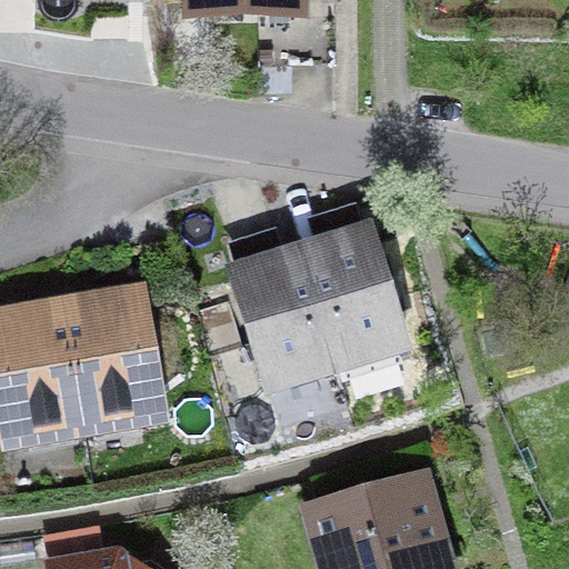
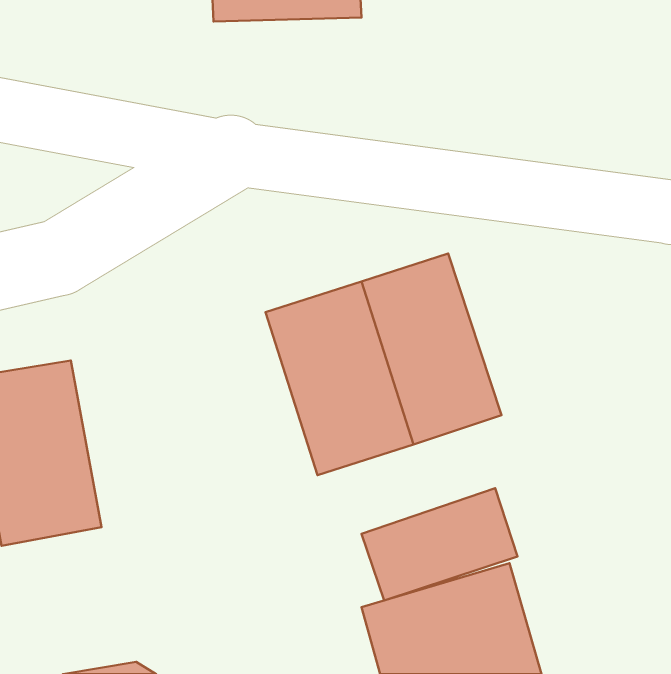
building: [59,283,171,439] -> none
building: none -> [362,488,517,601]

